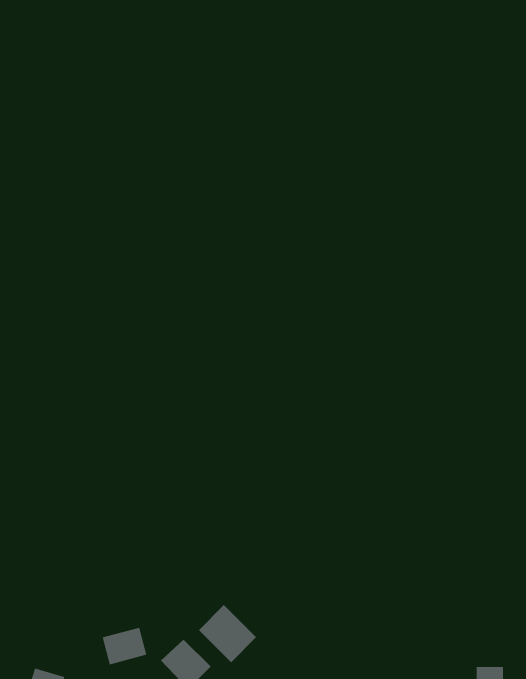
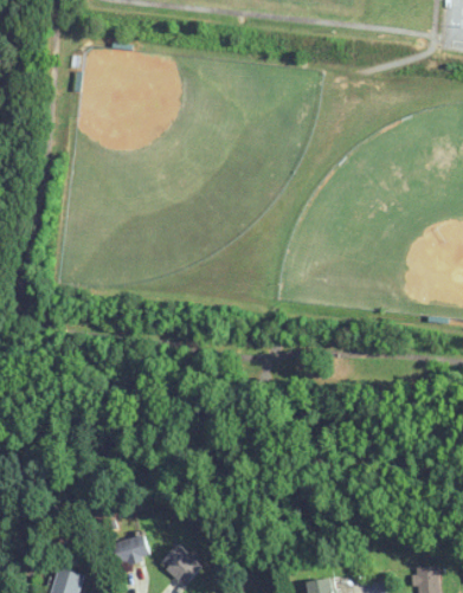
building: [198,604,257,663] -> none

